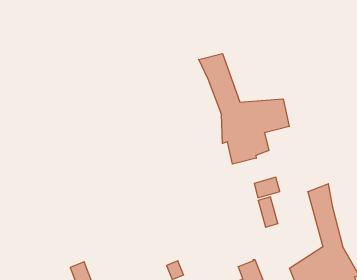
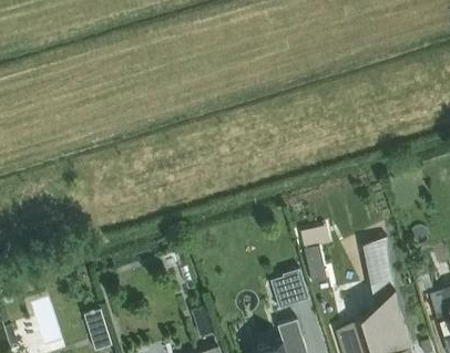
building: [199,54,289,164] -> none
building: none -> [280,270,309,305]

